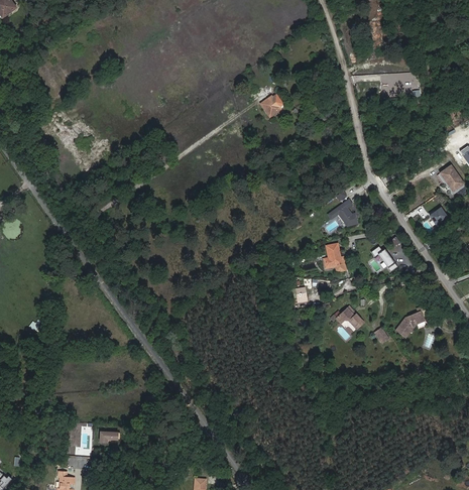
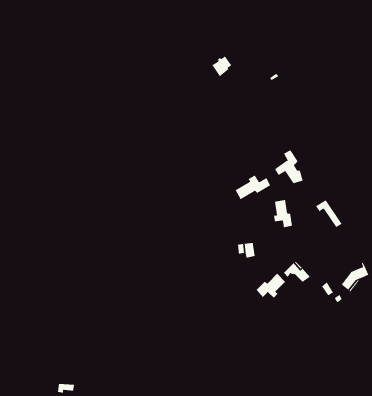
building: none -> [235,175,271,200]
building: none -> [256,273,286,298]

